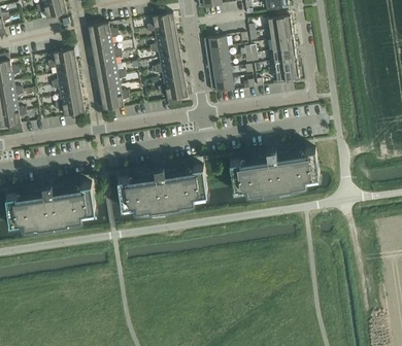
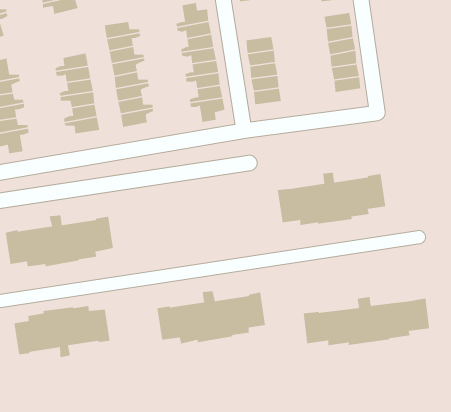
building: [118,166,207,210] -> [157,290,266,344]
building: none -> [303,296,430,346]
building: none -> [13,305,110,358]

